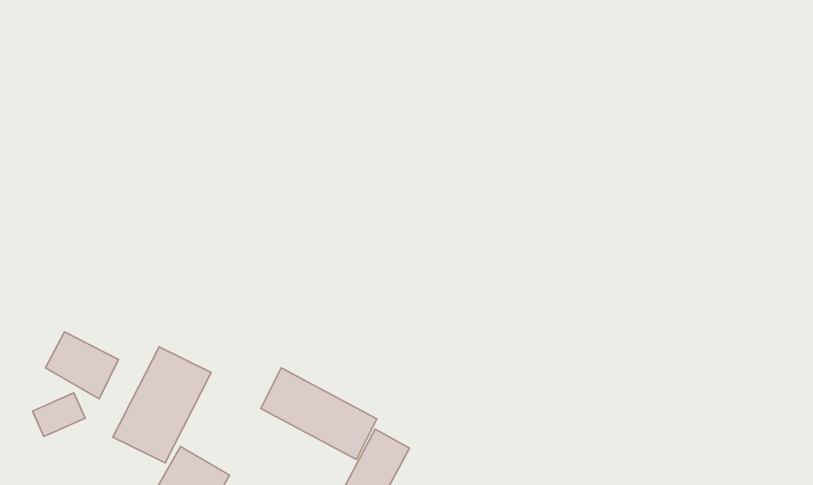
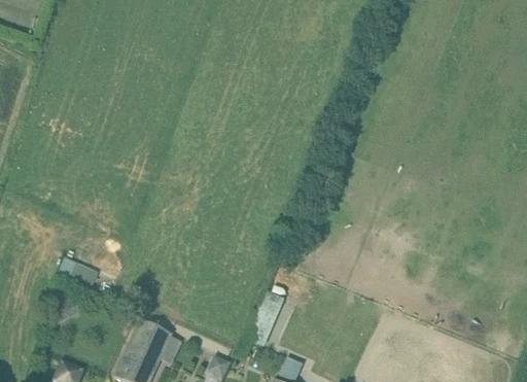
building: [113,347,211,463] -> none
building: [261,368,377,459] -> none

